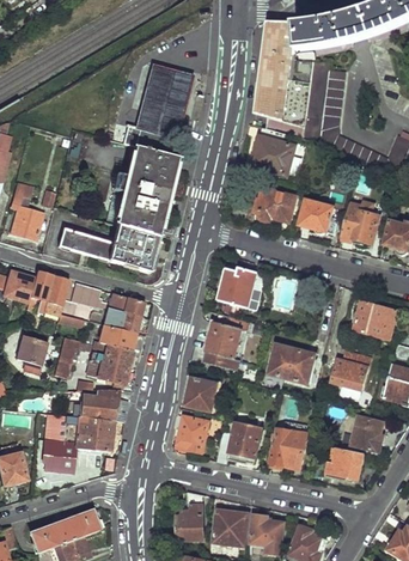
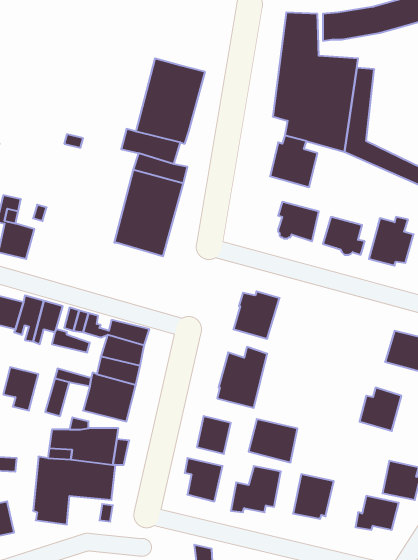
building: [56,224,157,270] -> none
building: [269,344,312,383] -> [249,419,297,462]

